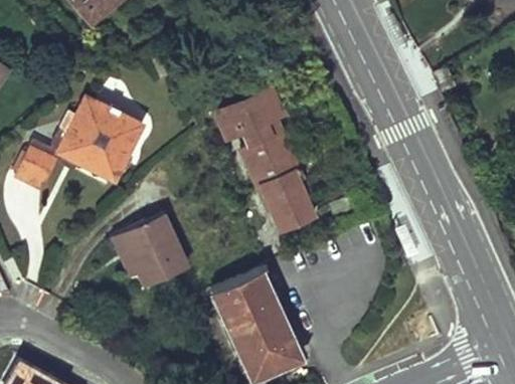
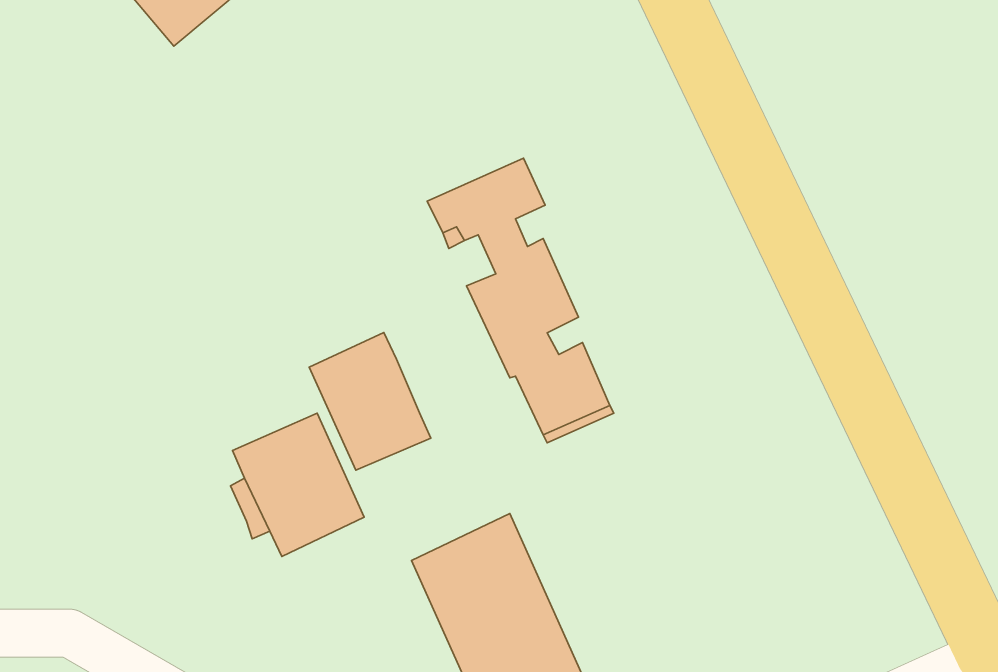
building: [15,98,142,189] -> none
building: none -> [309,332,431,470]

